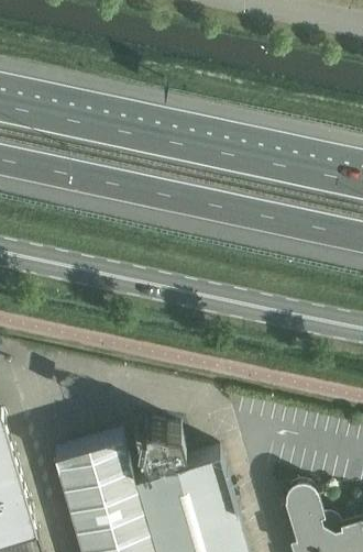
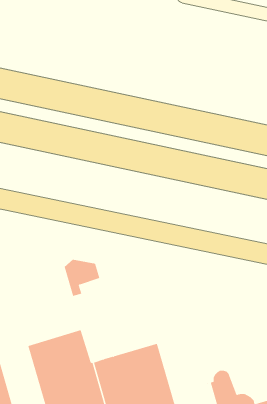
building: [139,424,185,472] -> [64,259,100,296]

